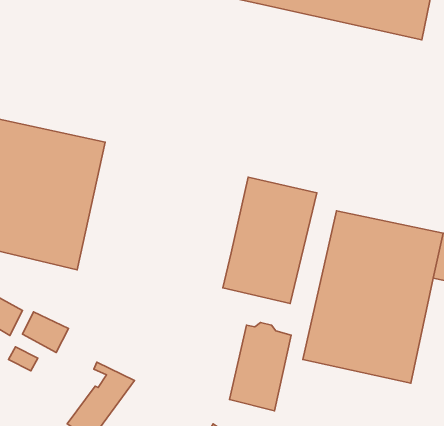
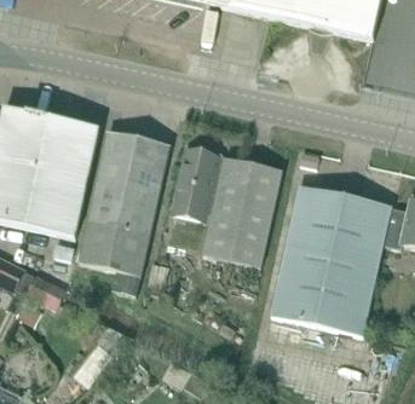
building: none -> [77,133,168,295]
building: [230,323,291,411] -> [168,148,221,224]

